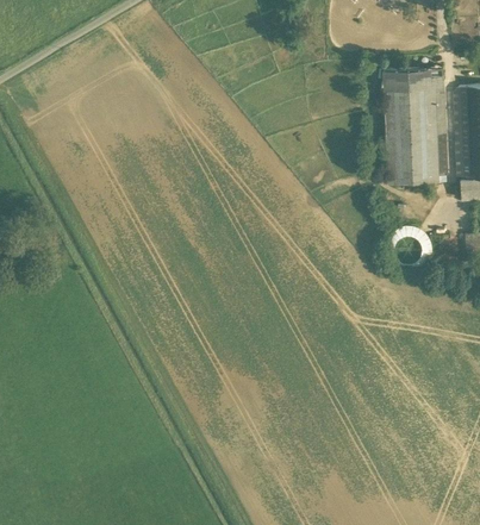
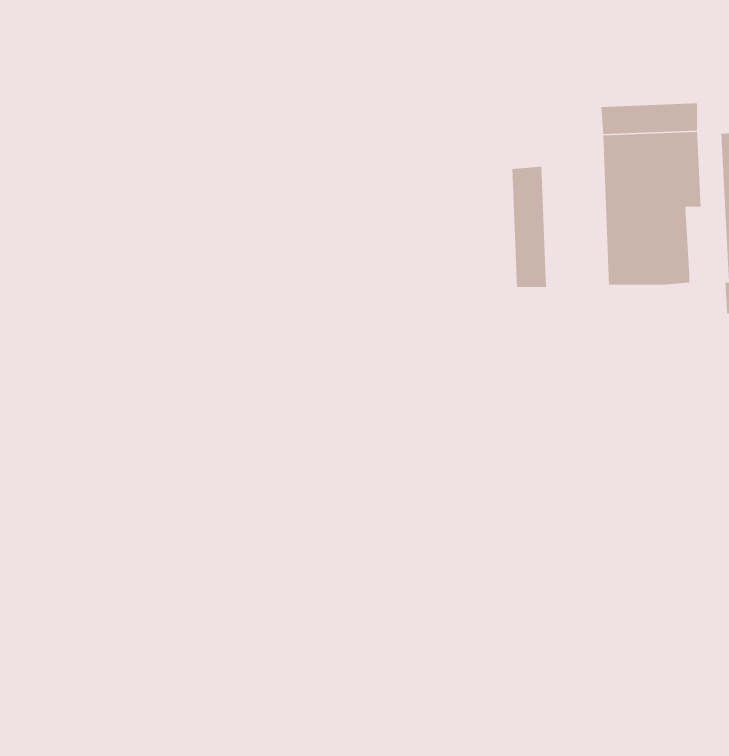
building: none -> [512,166,547,288]

